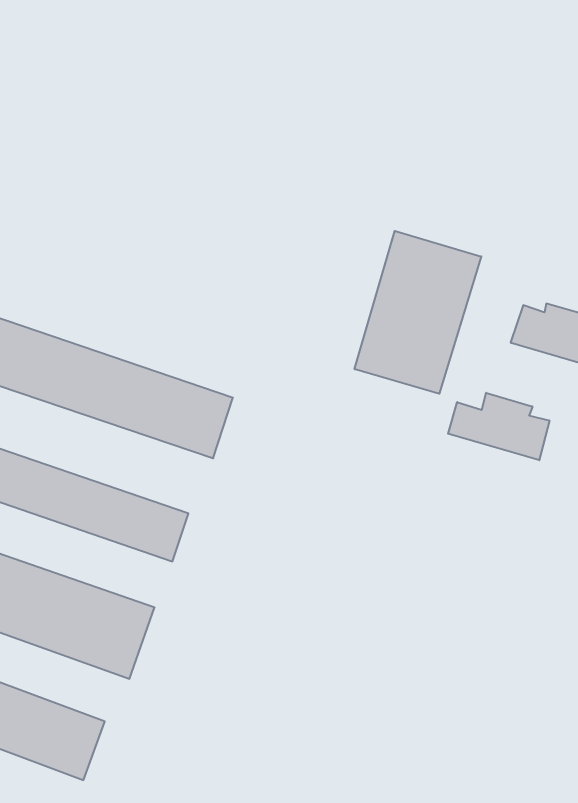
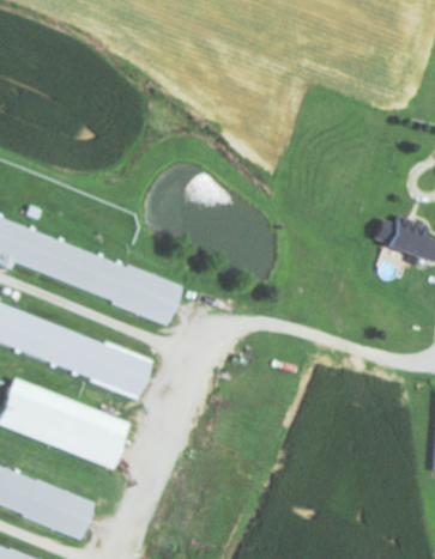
building: [355,231,481,394] -> none
building: [448,393,549,460] -> none

